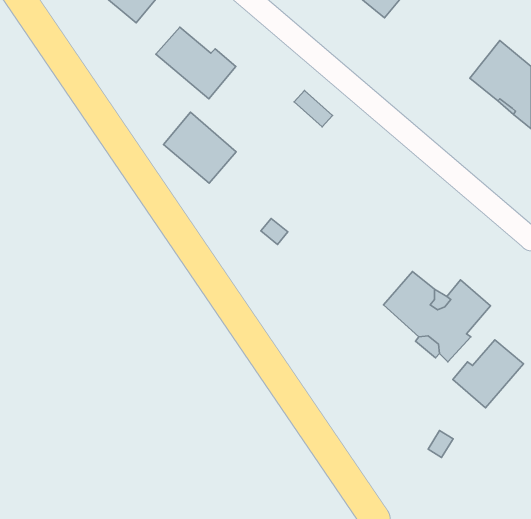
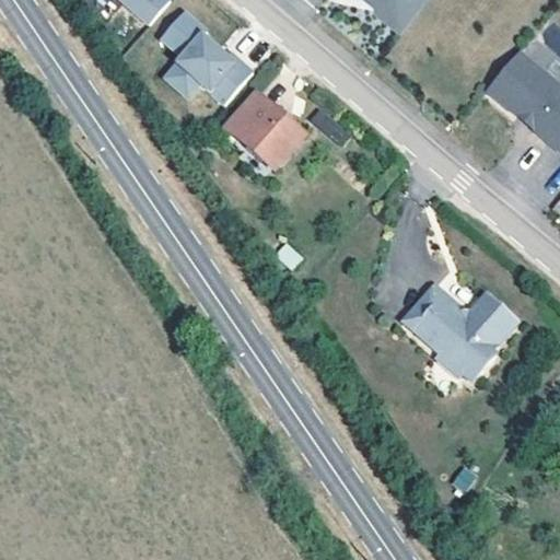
building: [163,112,236,183] -> [223,91,300,165]
building: [453,340,524,408] -> none

